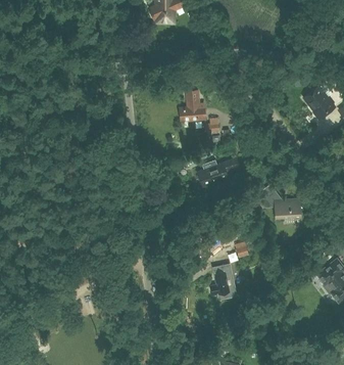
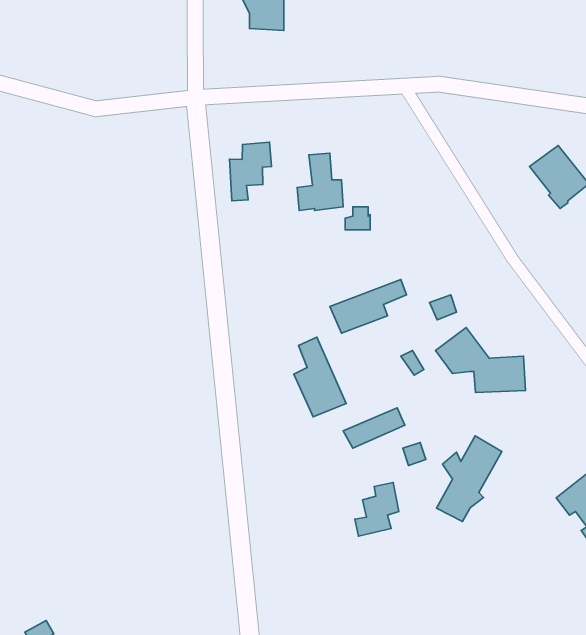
building: none -> [229,142,271,201]
building: none -> [294,337,346,417]
building: none -> [436,436,502,521]

